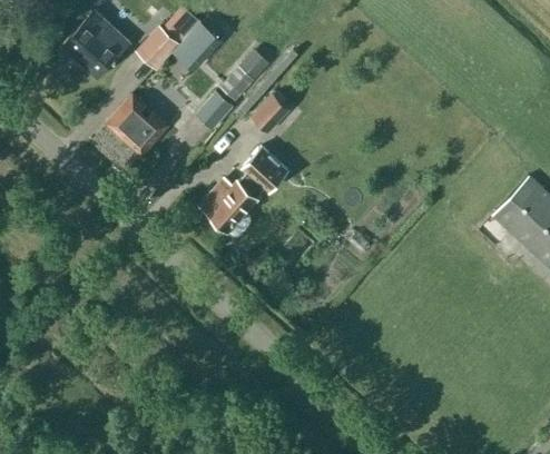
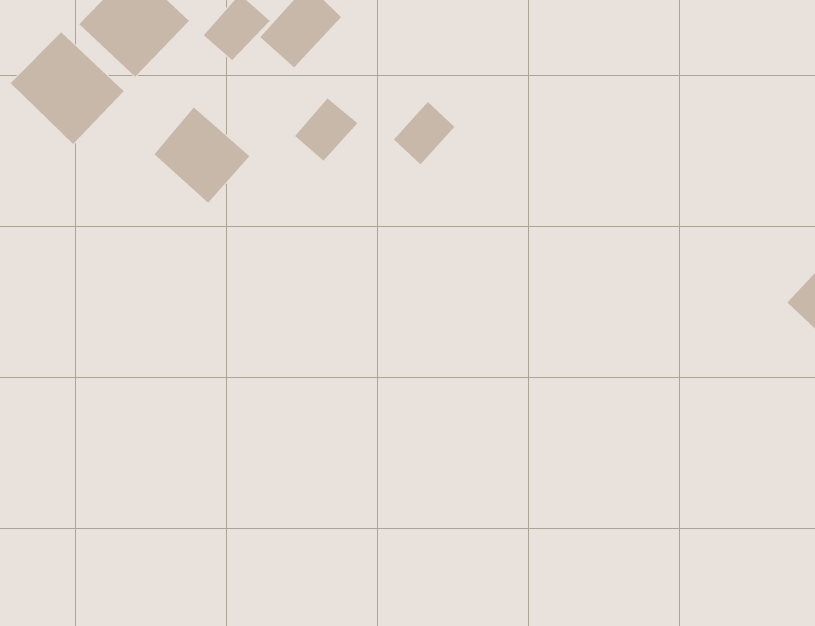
building: none -> [10,32,125,145]
building: [217,59,258,101] -> none
building: [198,147,286,237] -> none

